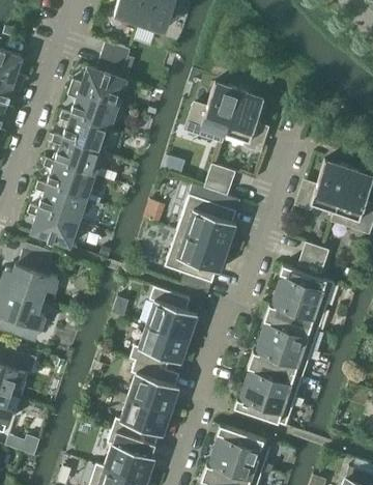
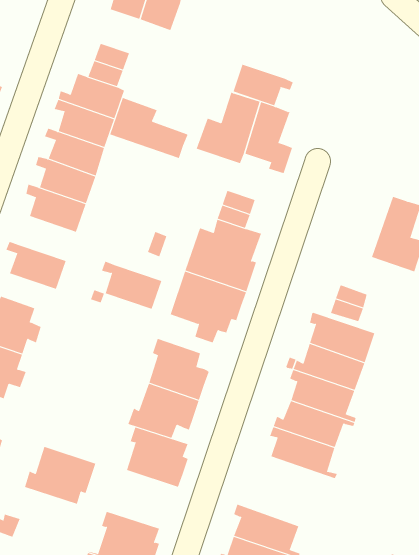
building: none -> [233,64,293,106]
building: none -> [109,97,188,159]
building: [296,161,349,220] -> none
building: [35,182,86,223] -> [101,261,162,310]
building: [233,386,302,426] -> none
building: [111,397,171,446] -> [24,446,96,505]

